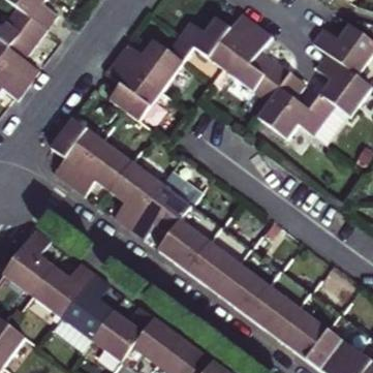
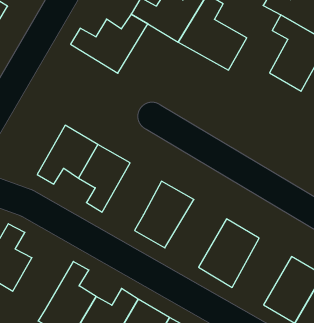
building: [104,58,159,120] -> none
building: [258,71,338,145] -> none
building: [50,116,101,183] -> none
building: [128,168,200,238] -> none
building: [186,225,250,292] -> none
building: [31,261,94,317] -> none
building: [248,271,310,337] -> none

